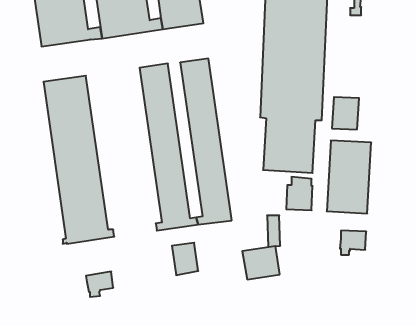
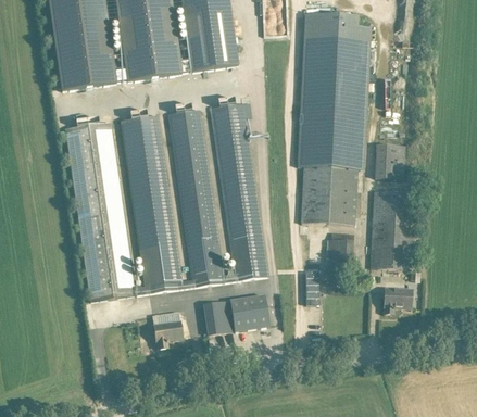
building: none -> [124,114,187,293]
building: [242,246,280,279] -> [229,294,269,330]
building: [86,272,113,297] -> [153,320,183,348]

